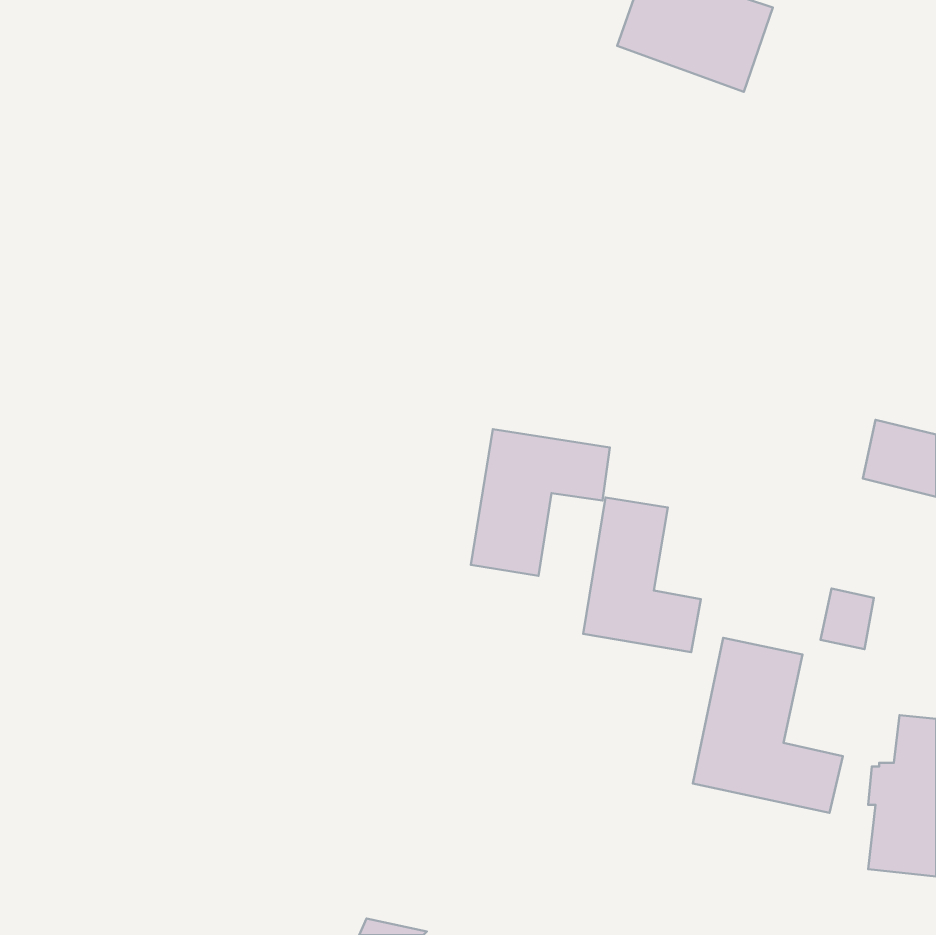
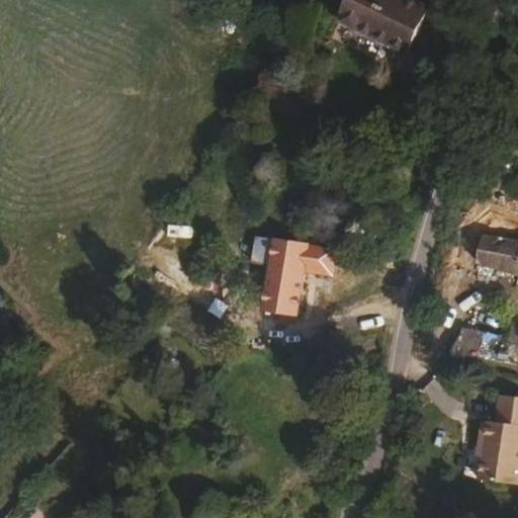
building: [583,497,701,652] -> none
building: [693,638,843,813] -> none

